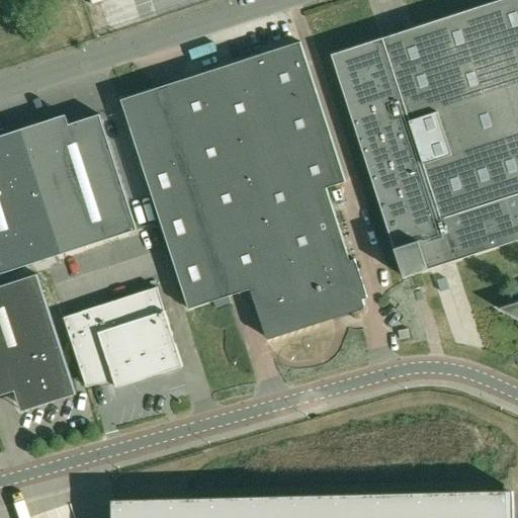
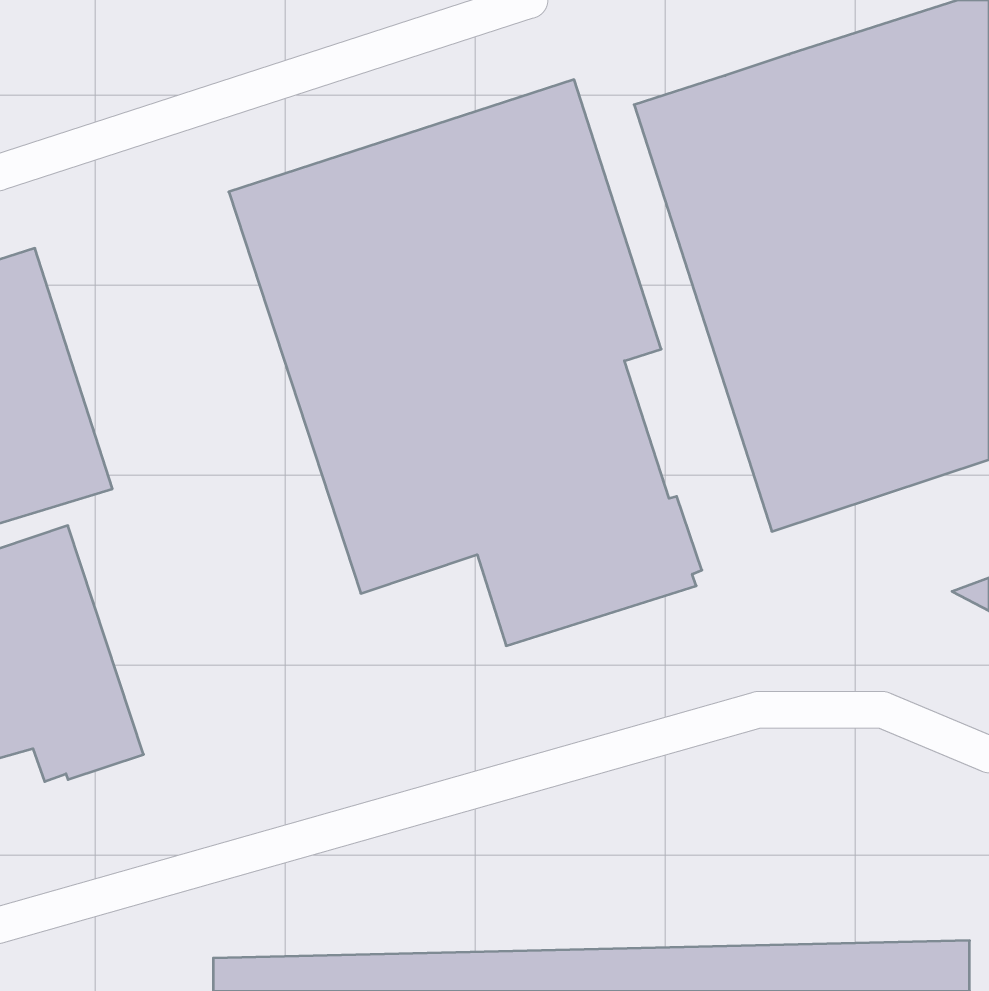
building: [18,114,136,255] -> none
building: [63,287,181,386] -> none

